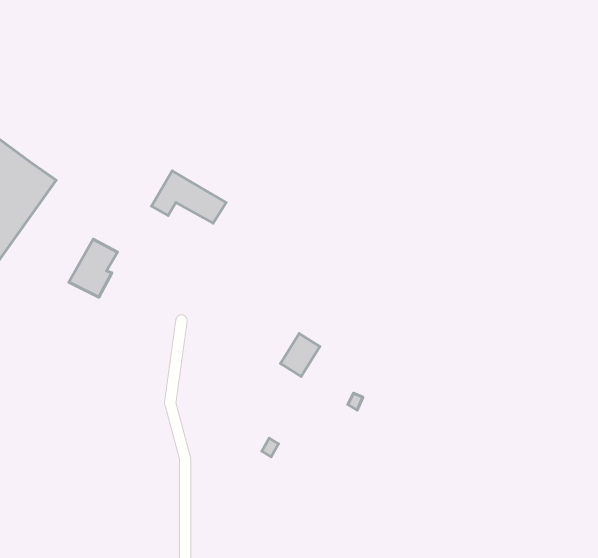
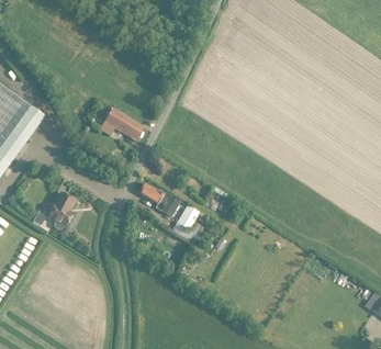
building: [69,239,118,297] -> [46,192,75,226]
building: none -> [137,182,179,216]

